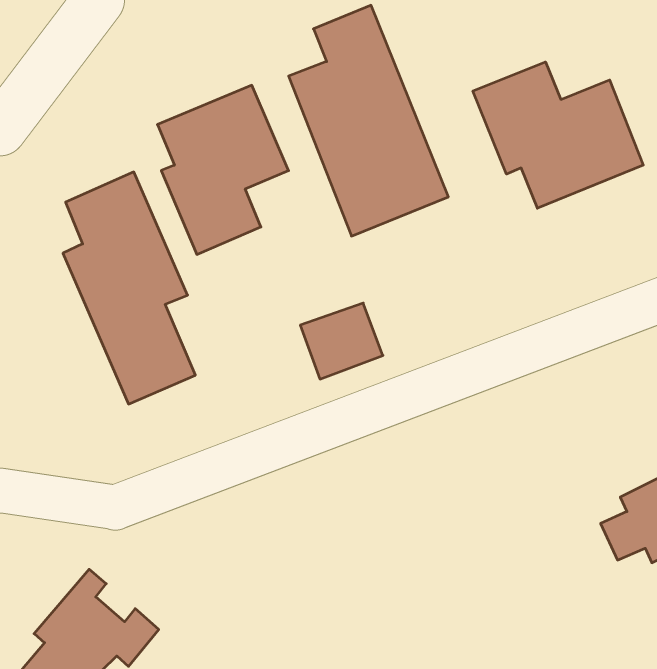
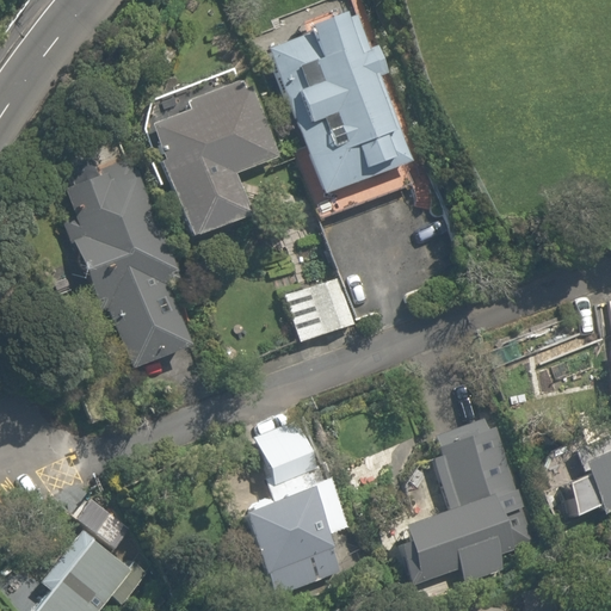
building: [473,62,643,208] -> none
building: none -> [236,418,348,604]
building: none -> [401,418,539,581]

